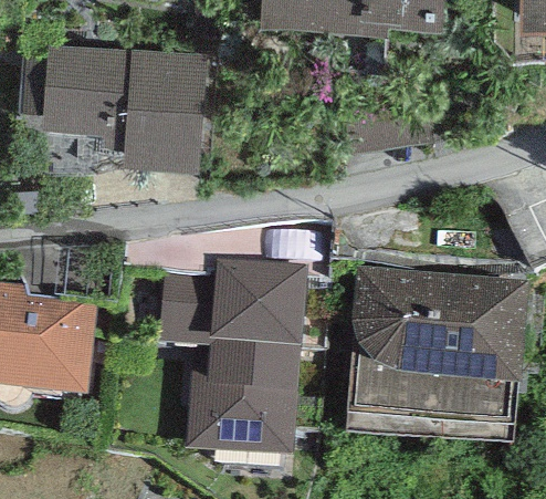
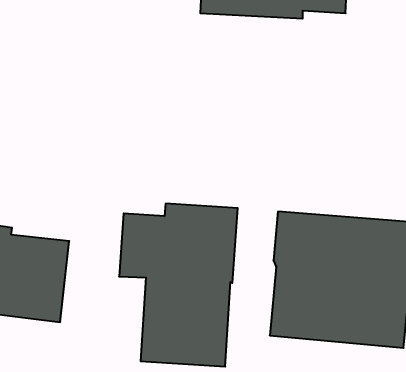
building: [20,41,207,160] -> none

